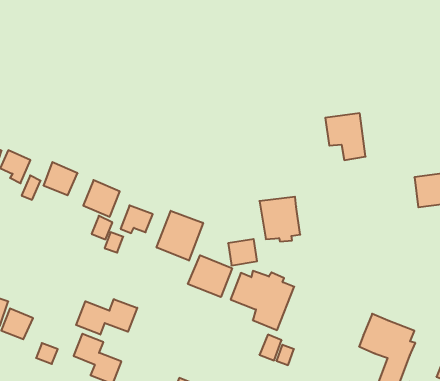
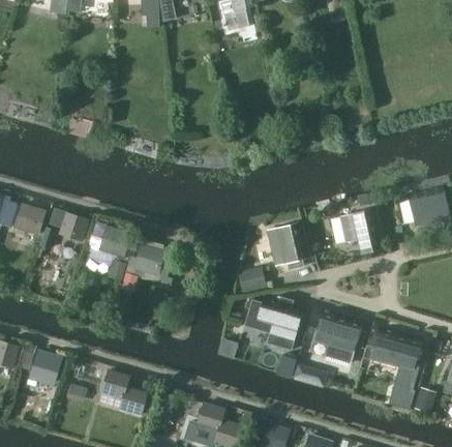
building: [325,113,366,160] -> [339,209,381,255]
building: [157,211,203,261] -> none
building: [188,255,232,297] -> none
building: none -> [311,310,363,363]
building: [76,299,137,335] -> none

